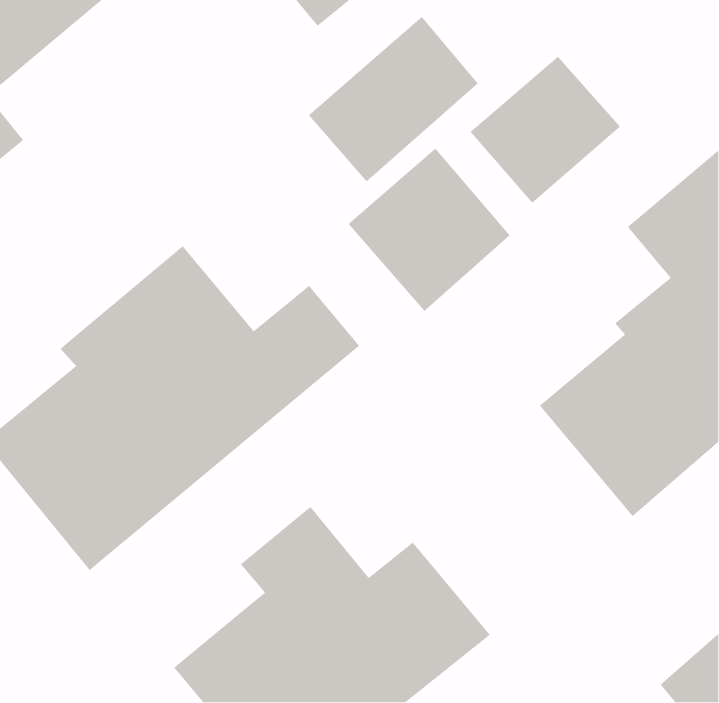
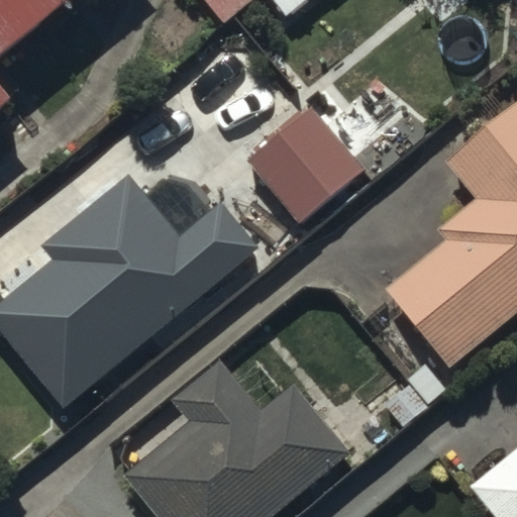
building: [308,16,479,182] -> none
building: [469,56,621,204] -> none

